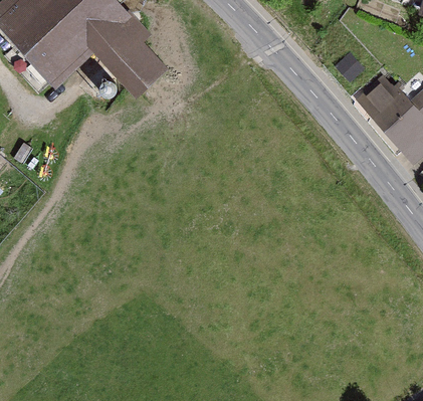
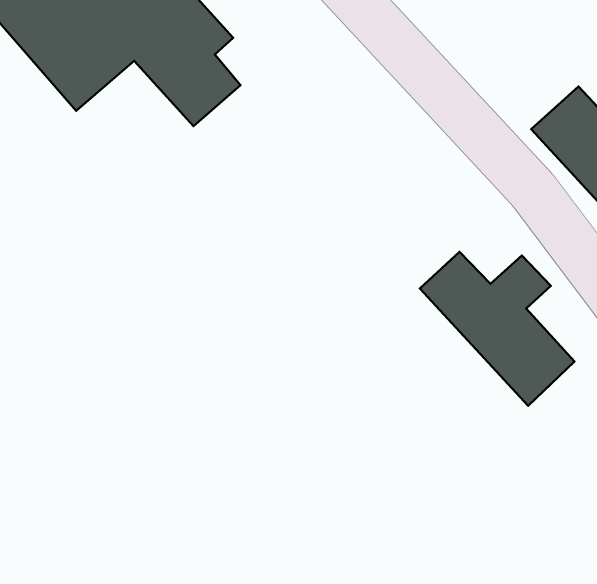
building: none -> [420,252,574,406]

